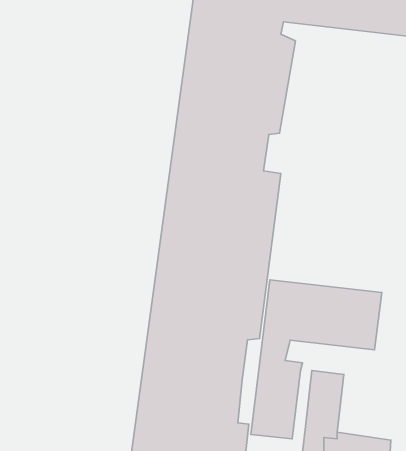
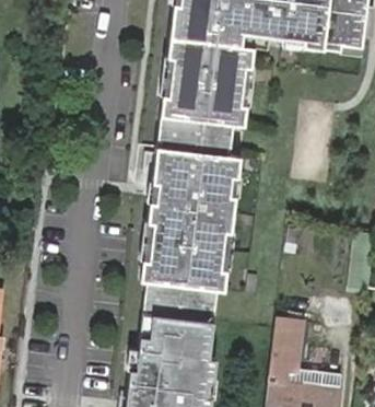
building: [251,280,382,439] -> none

